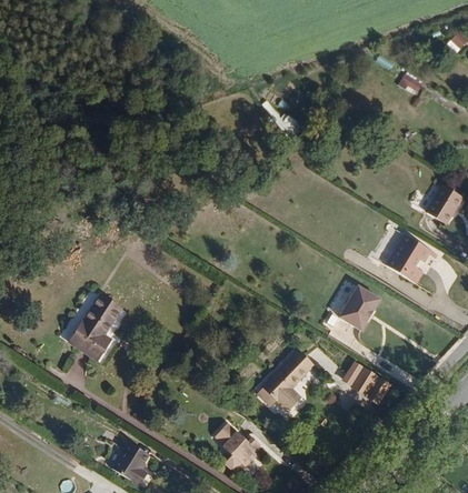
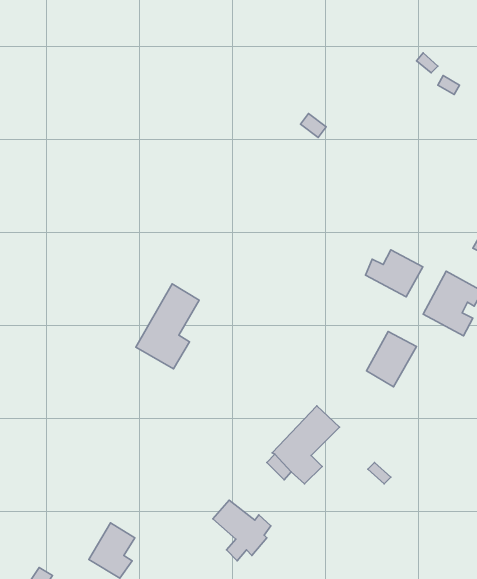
building: none -> [365,250,423,297]
building: [68,292,120,362] -> [136,284,199,369]
building: [354,366,382,396] -> none

